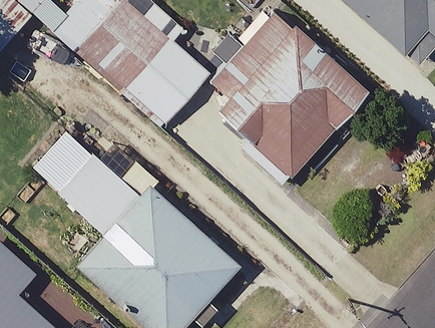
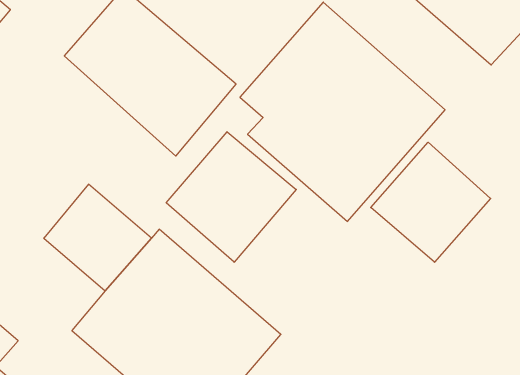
building: none -> [166,132,296,262]
building: none -> [371,142,491,262]

